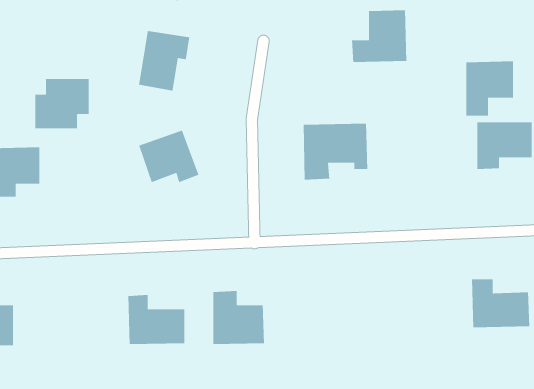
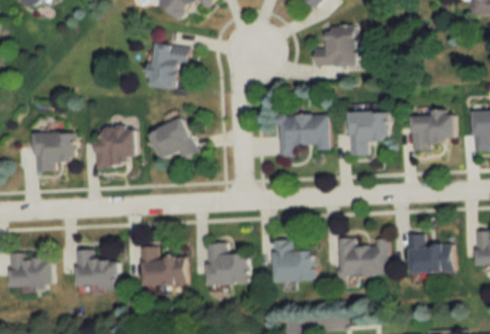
building: [465,60,514,117] -> [349,111,387,155]
building: [35,78,89,129] -> [94,128,137,167]
building: none -> [337,238,389,275]
building: none -> [274,240,315,282]
building: none -> [76,249,118,287]

